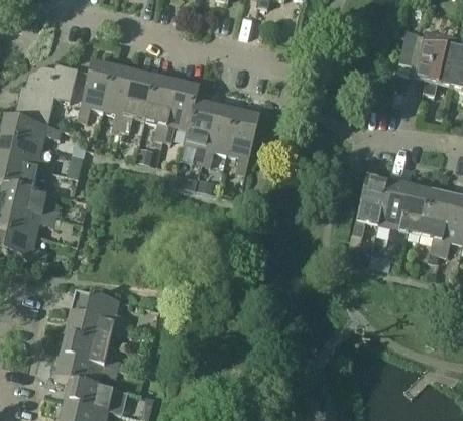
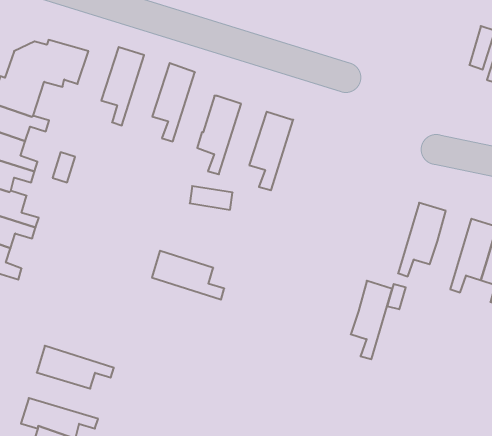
building: [77,60,113,121] -> none
building: [120,71,155,131] -> none
building: [162,82,199,141] -> none
building: [202,105,237,165] -> none
building: [378,180,410,244] -> [351,281,392,359]
building: [70,290,129,326] -> [152,251,224,300]
building: [60,334,119,369] -> none

